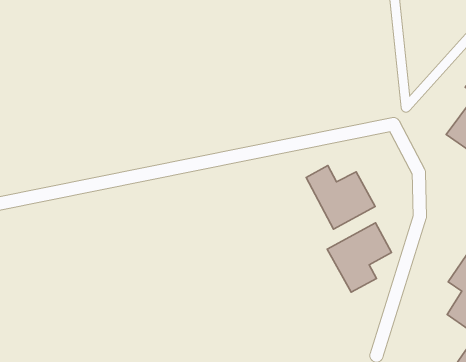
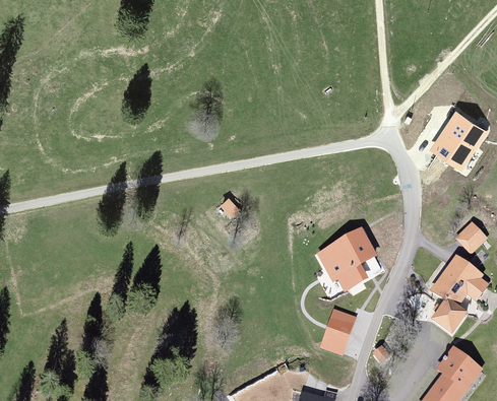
building: [306,166,375,229] -> none
building: none -> [320,309,354,352]

